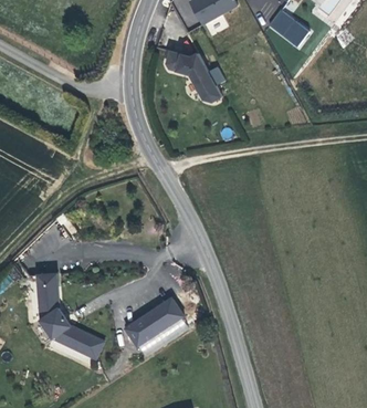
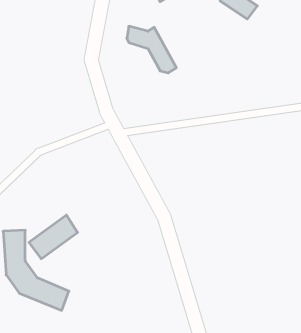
building: [127,300,180,347] -> [29,215,78,259]

